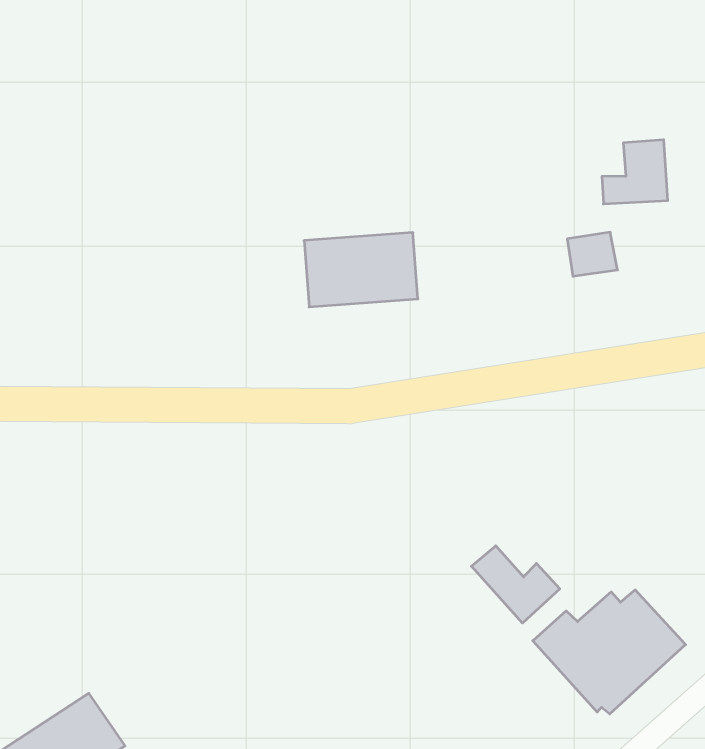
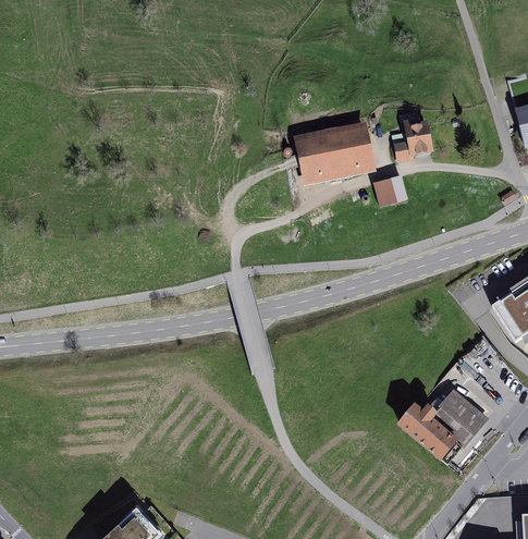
building: [304,233,418,307] -> [302,128,374,182]
building: [471,546,560,623] -> none

